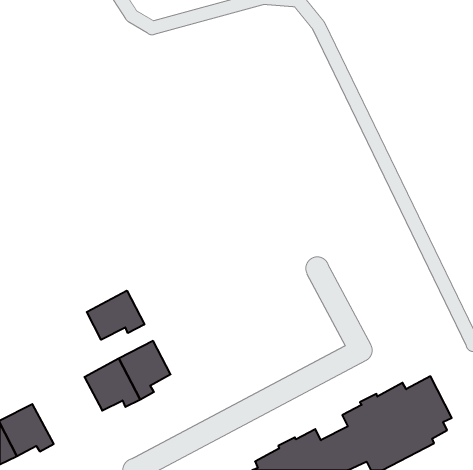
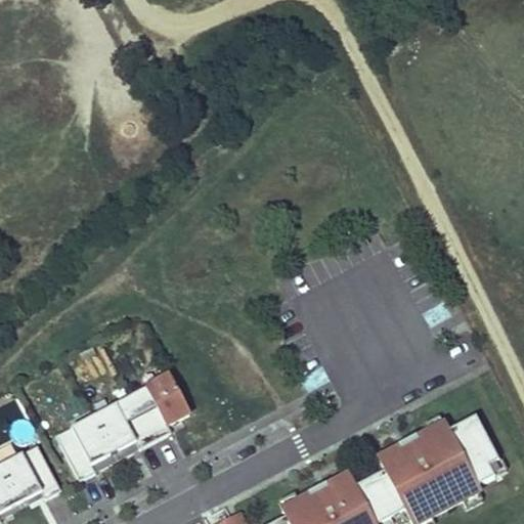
building: [87,291,144,340] -> none
building: none -> [55,416,113,480]

